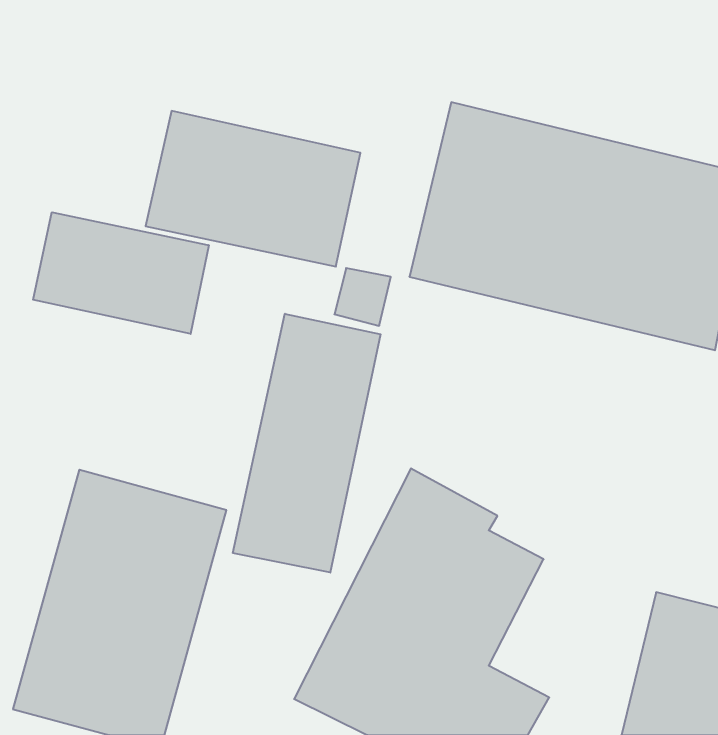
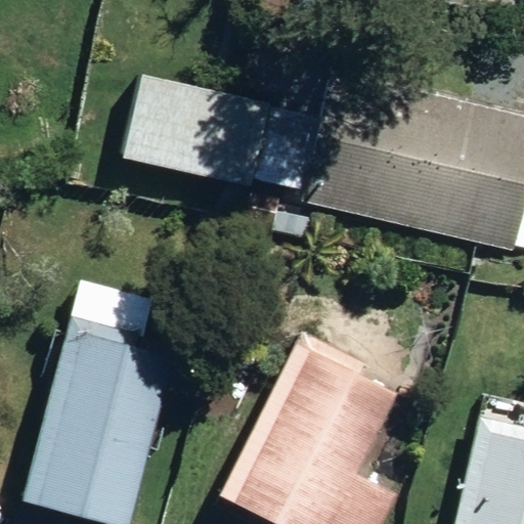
building: [33,212,209,334] -> none
building: [233,314,381,573] -> none

